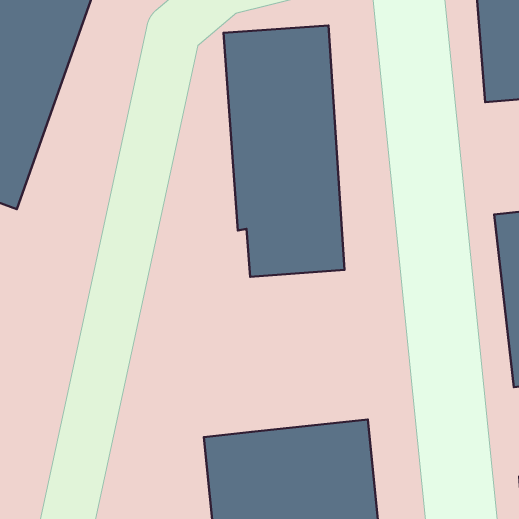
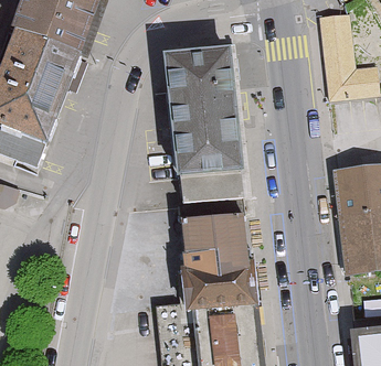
building: none -> [178,201,255,301]

